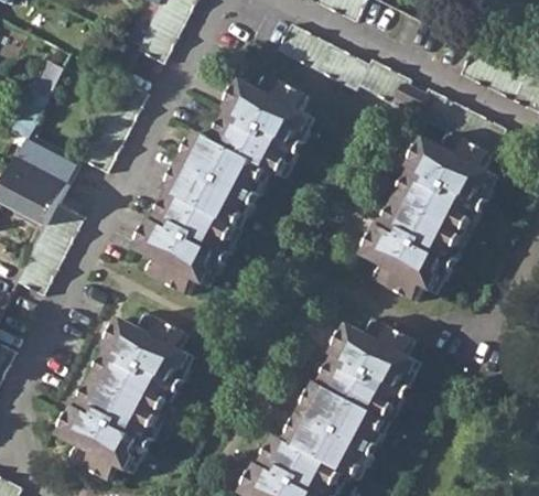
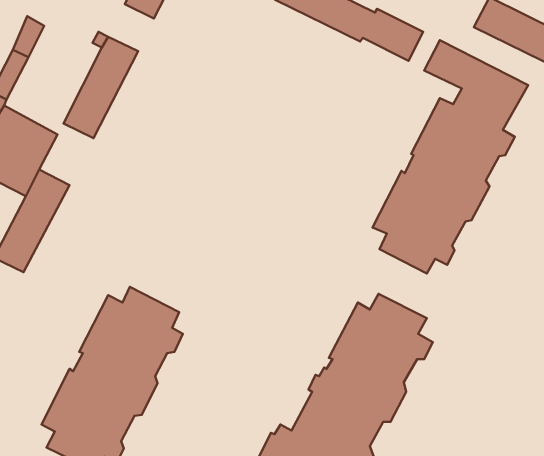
building: [138,69,310,292] -> none

